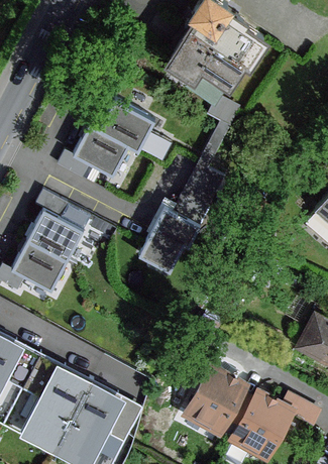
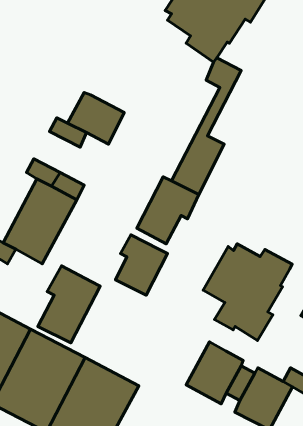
building: [97,99,154,152] -> none
building: none -> [115,235,167,295]
building: none -> [203,244,292,341]
building: none -> [38,266,100,343]

